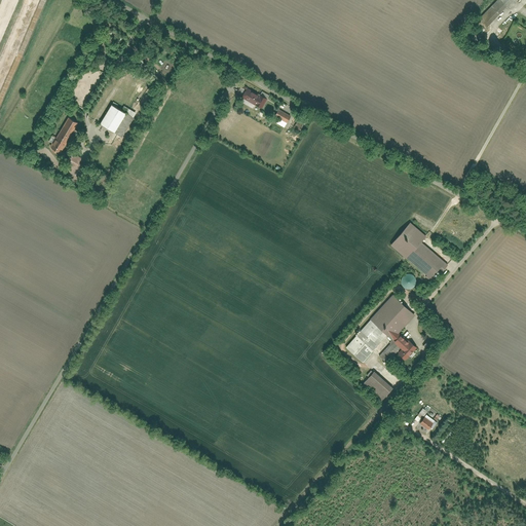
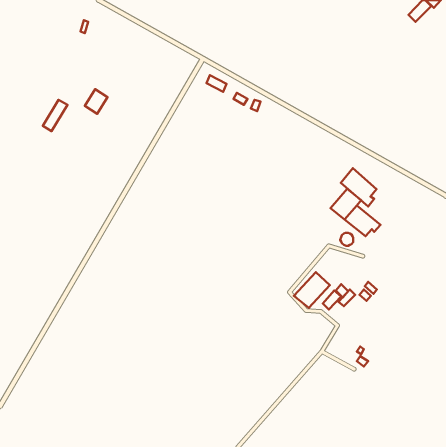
building: none -> [341,168,376,206]
building: [371,295,414,339] -> none
building: [363,371,392,401] -> none

